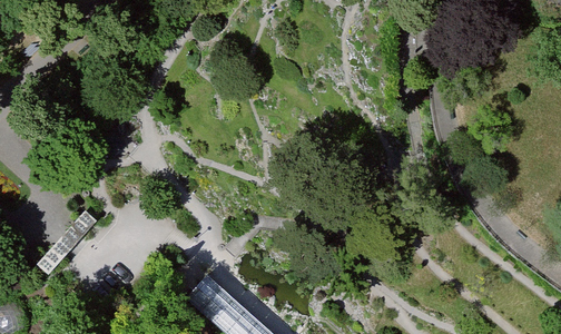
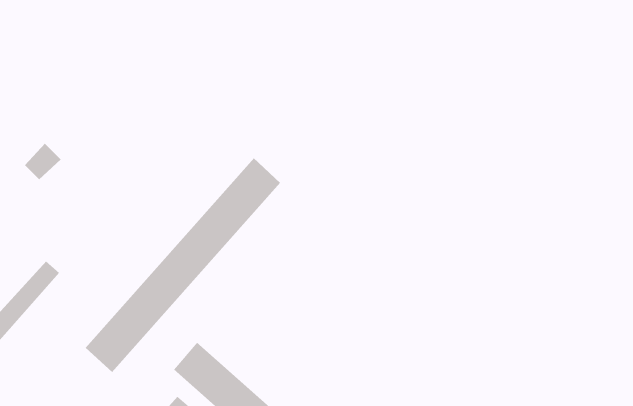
building: none -> [85,158,281,373]

